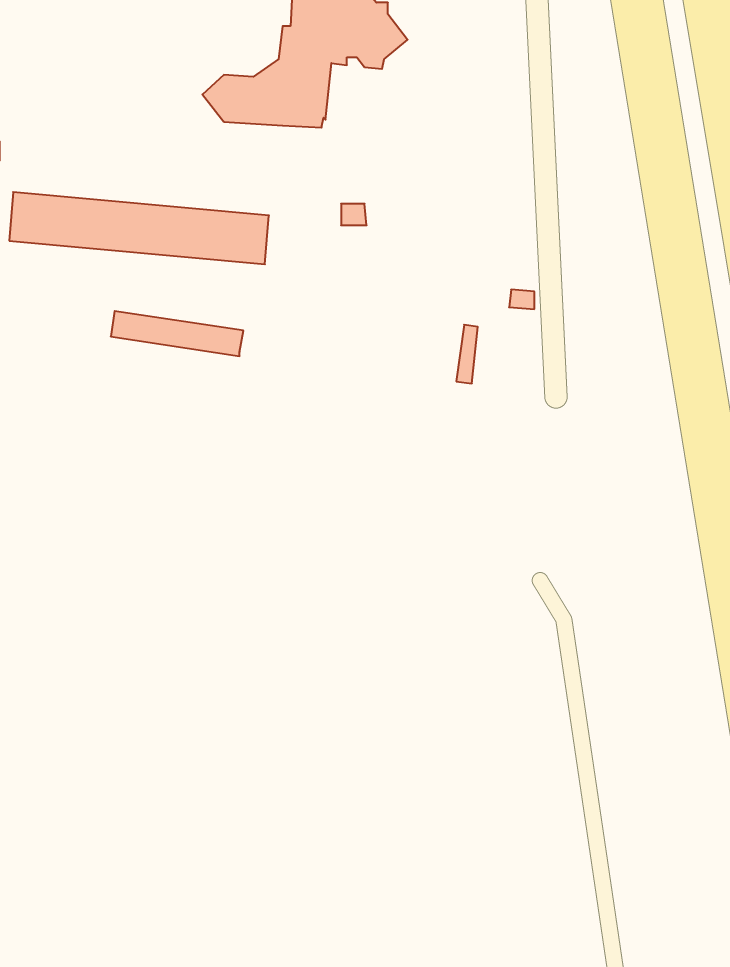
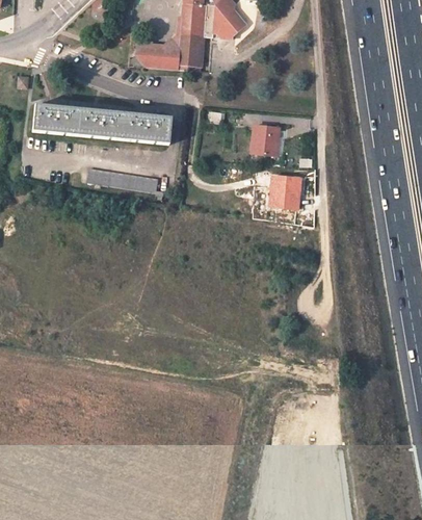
building: none -> [250,125,280,154]
building: none -> [280,176,301,208]

